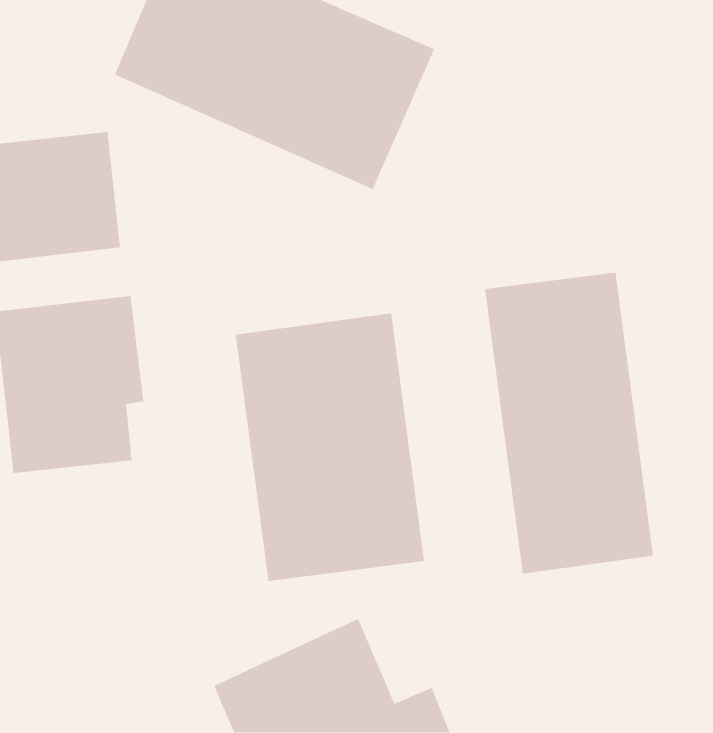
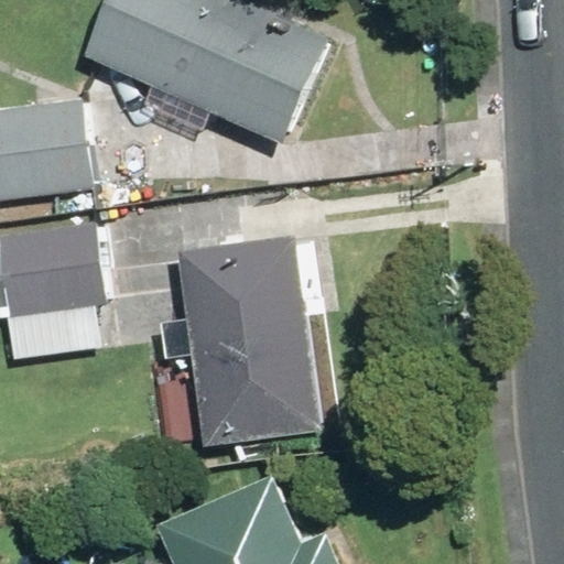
building: [484,272,654,575] -> none

